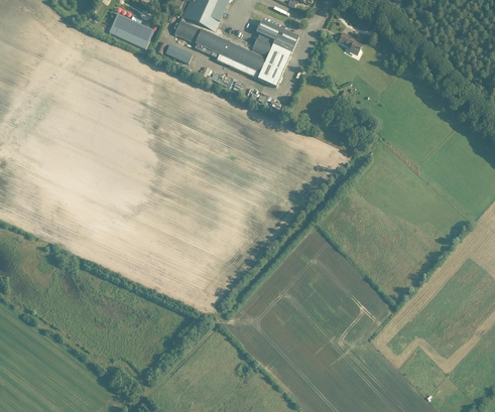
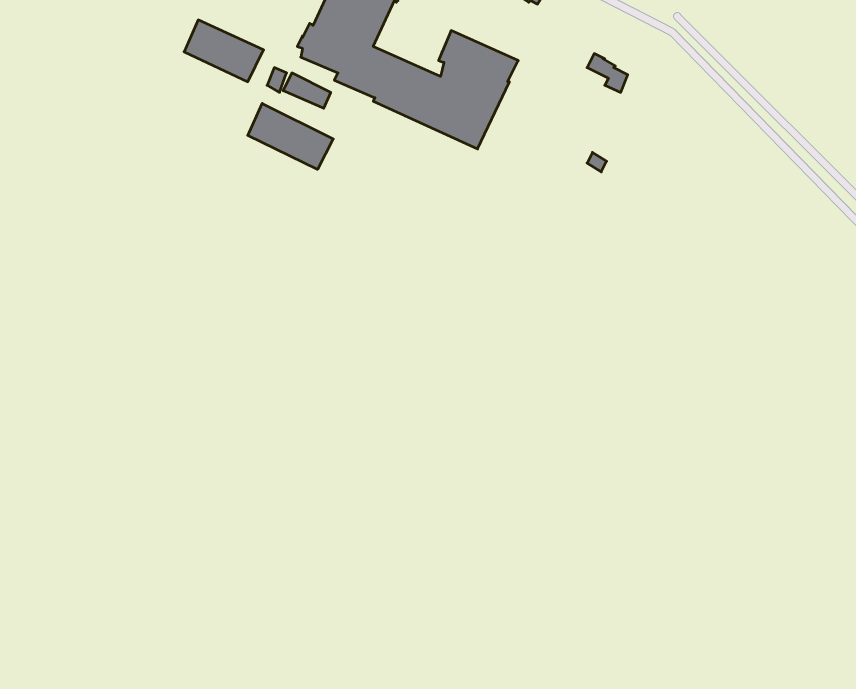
building: none -> [248,103,333,169]

